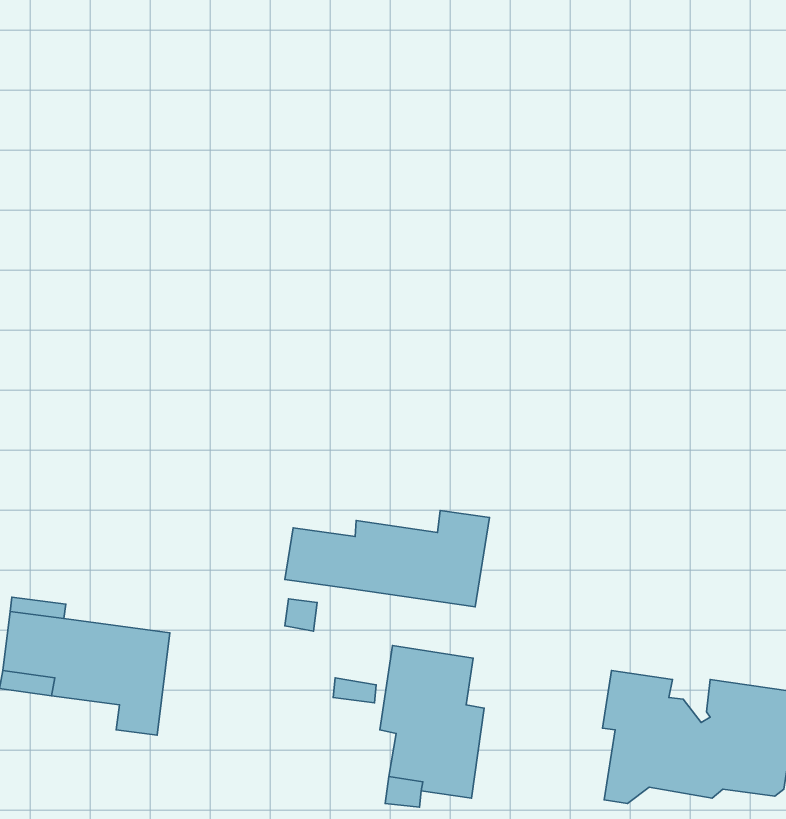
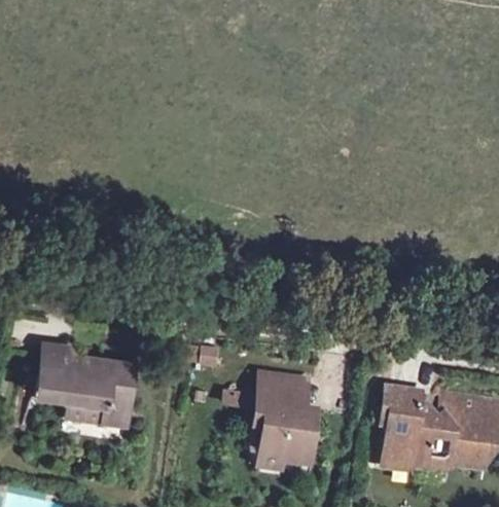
building: [285,510,489,607] -> none

